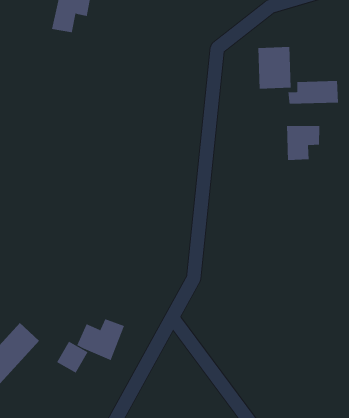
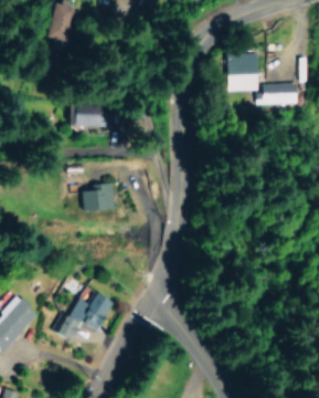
building: none -> [74,111,113,135]
building: [286,125,320,161] -> none
building: none -> [79,184,114,210]

